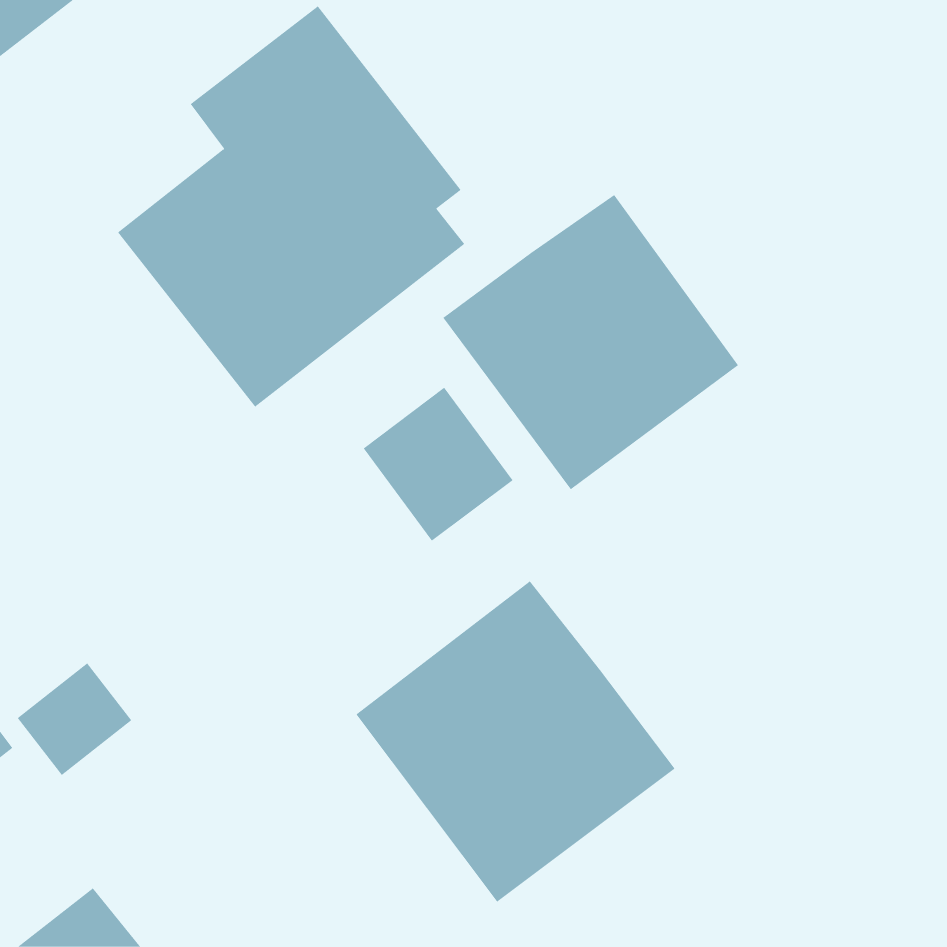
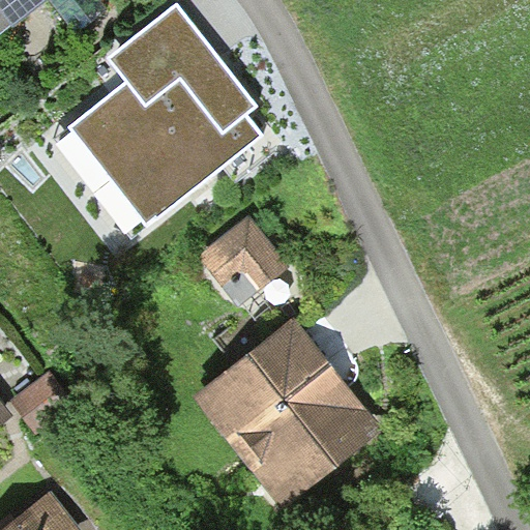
building: [442,194,739,490] -> none

